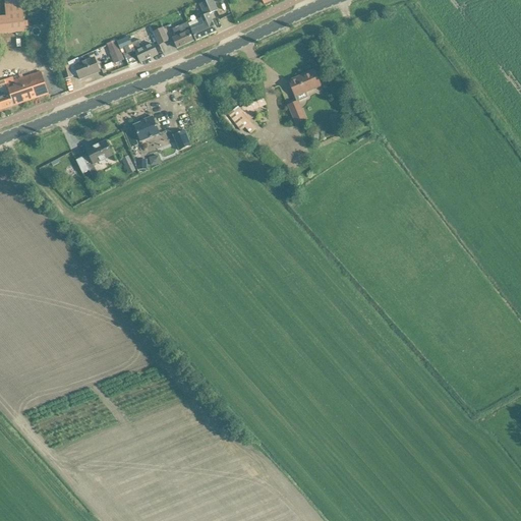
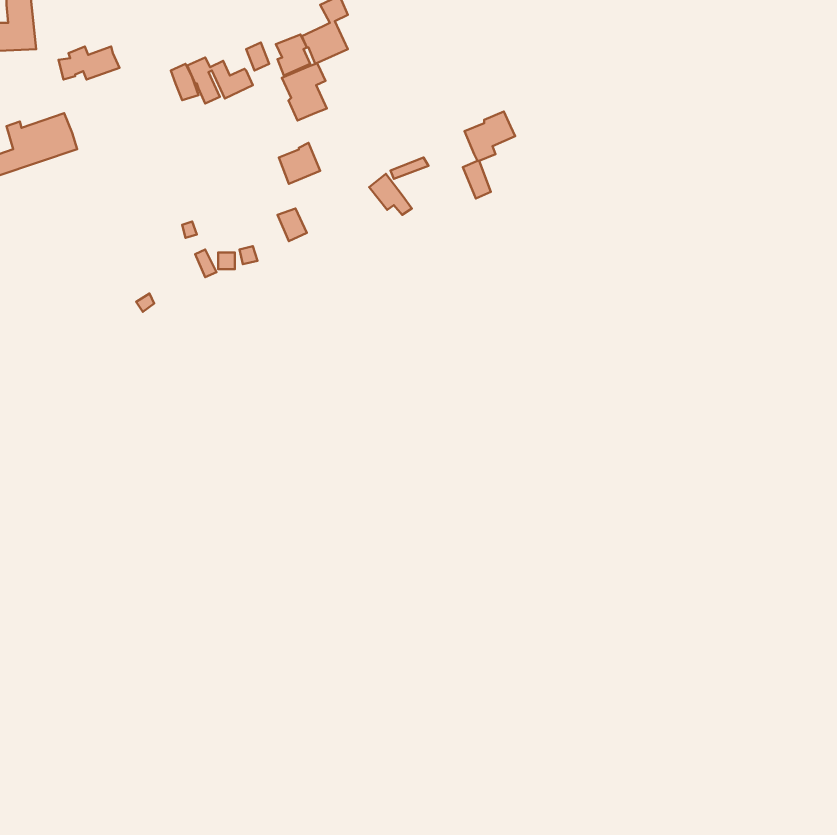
building: none -> [282,63,327,120]
building: [61,57,99,77] -> [59,47,119,79]
building: [133,115,159,140] -> [279,143,320,184]
building: [75,139,112,172] -> none

